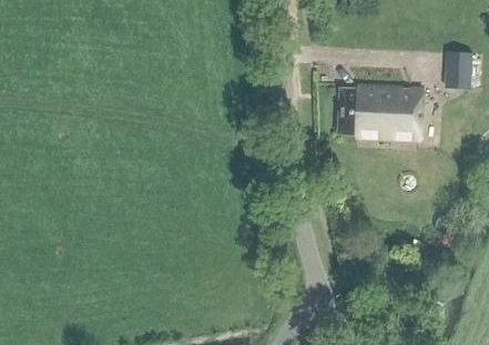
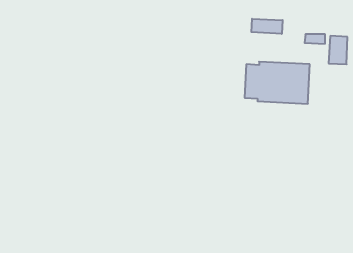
building: none -> [251,19,283,34]

